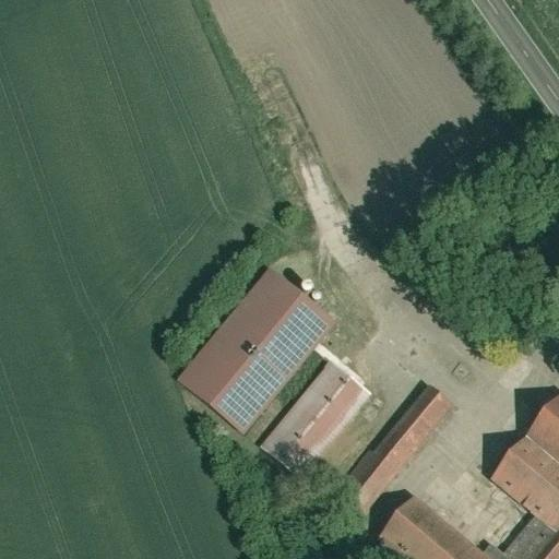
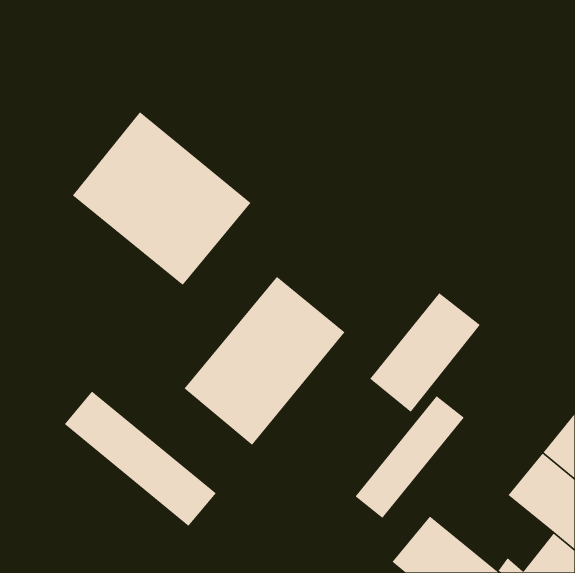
building: none -> [72,111,251,286]
building: [263,359,371,476] -> [369,292,481,413]
building: none -> [64,390,217,527]

